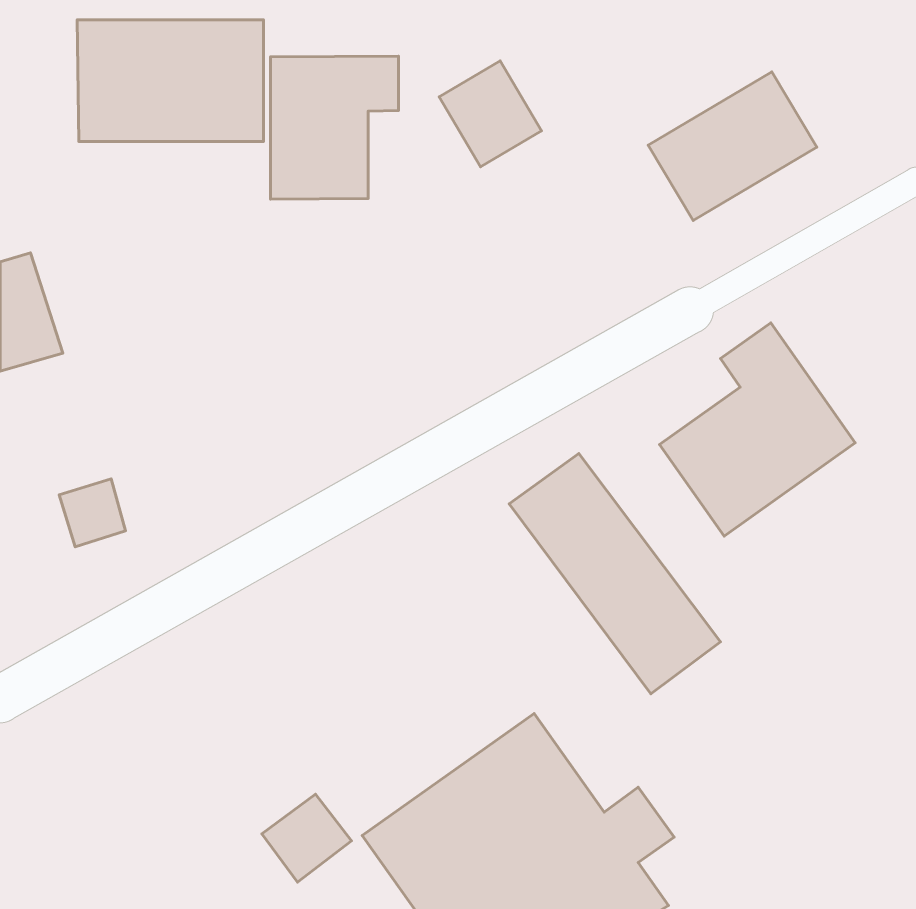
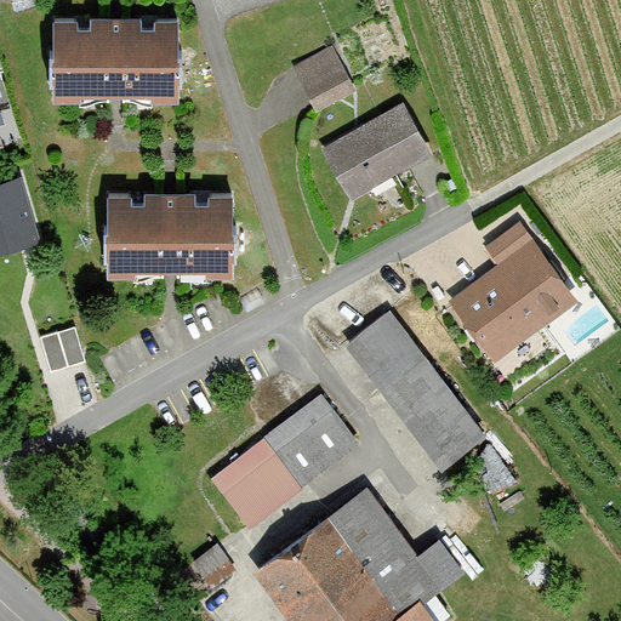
building: [271,56,399,199] -> none
building: [648,72,817,221] -> [321,99,435,200]
building: none -> [108,194,234,278]
building: none -> [205,389,363,526]

